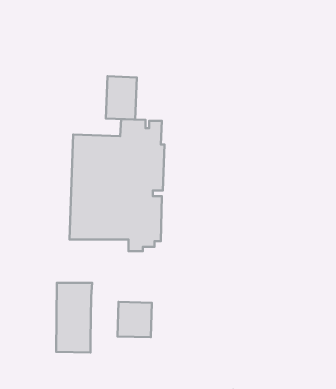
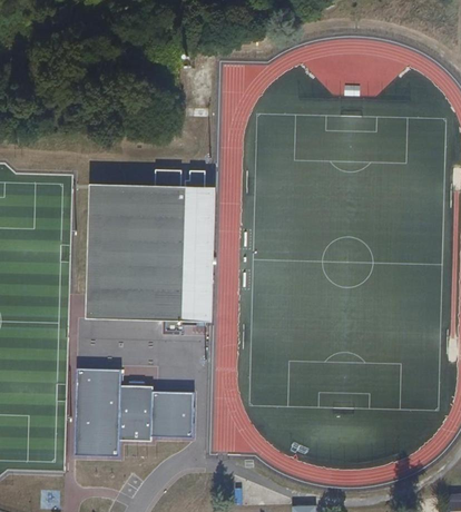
building: [106,76,137,120] -> none
building: none -> [116,386,150,441]

